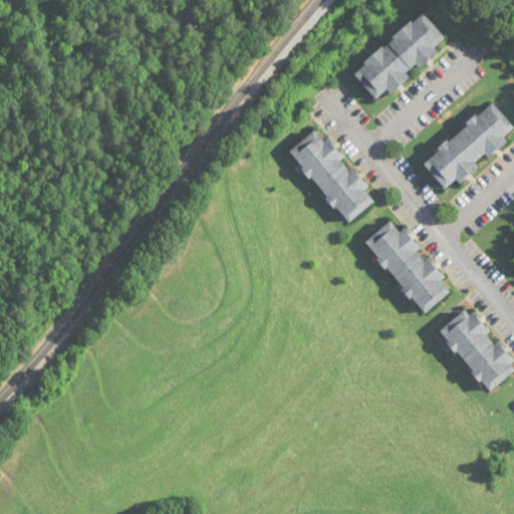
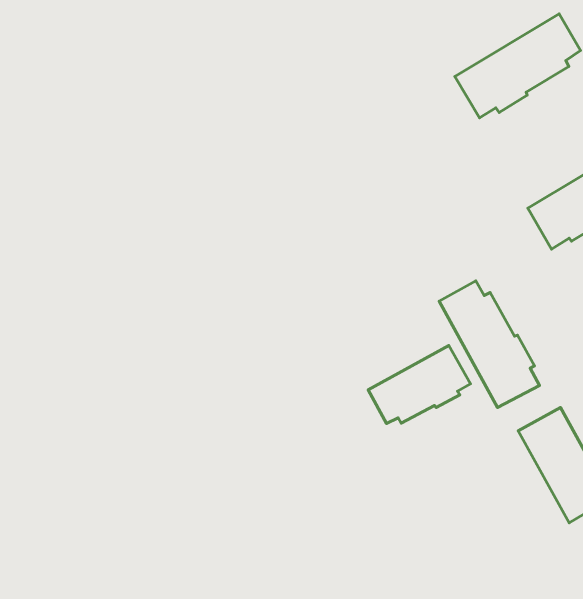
building: [290,132,373,224] -> none
building: none -> [368,346,471,424]

